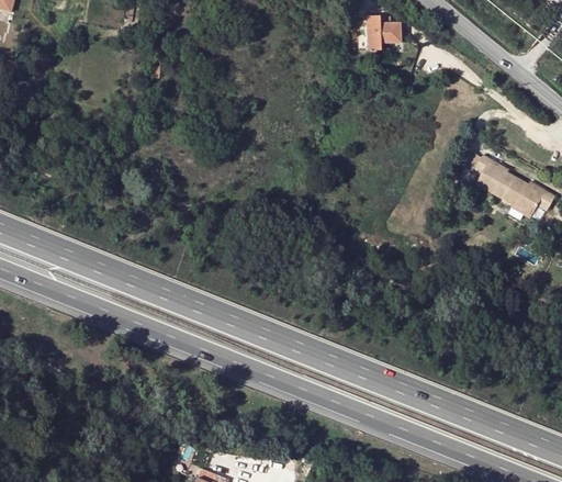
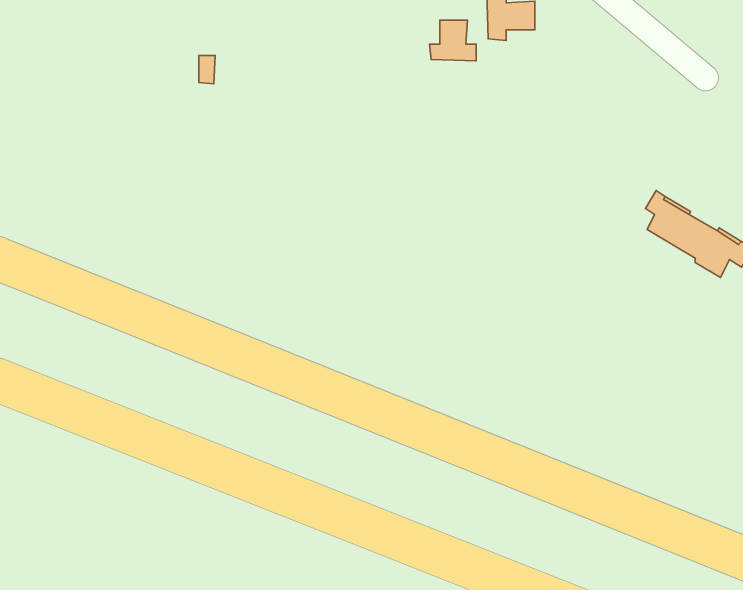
building: none -> [430,20,476,61]

